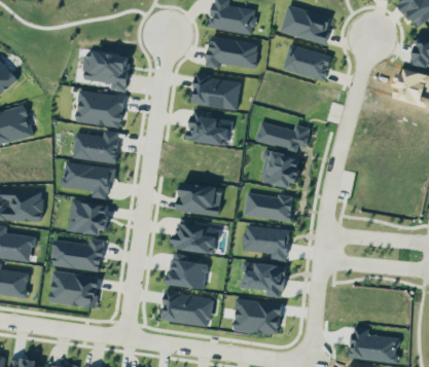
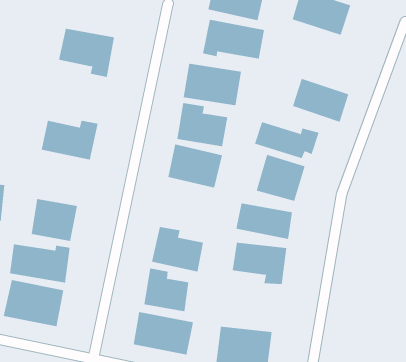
building: [283,45,331,81] -> [292,78,349,122]
building: [75,91,124,127] -> none
building: [63,164,116,199] -> none
building: [177,182,223,218] -> [168,144,223,188]
building: [242,263,284,297] -> none

